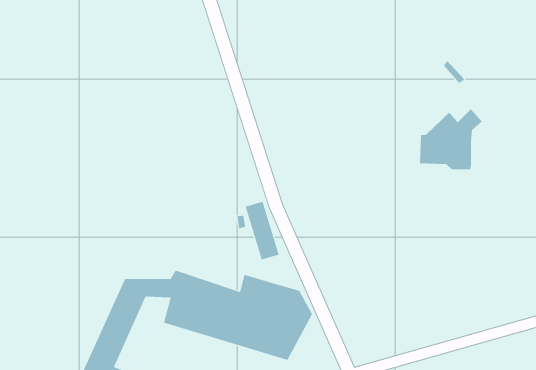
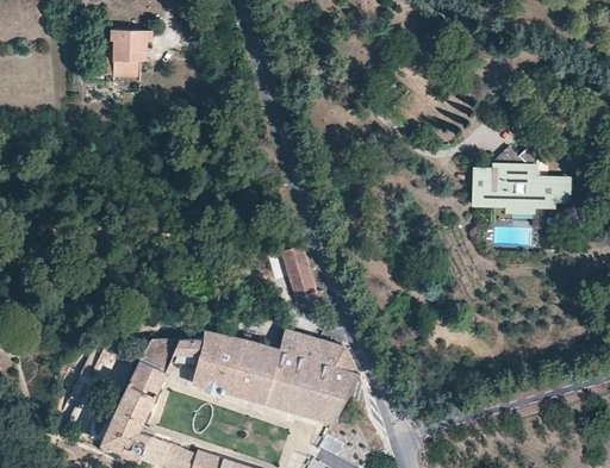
building: none -> [113,31,154,80]
building: none -> [535,181,571,208]

